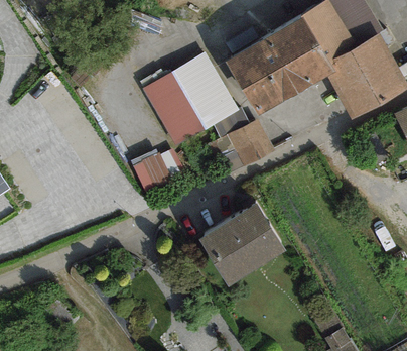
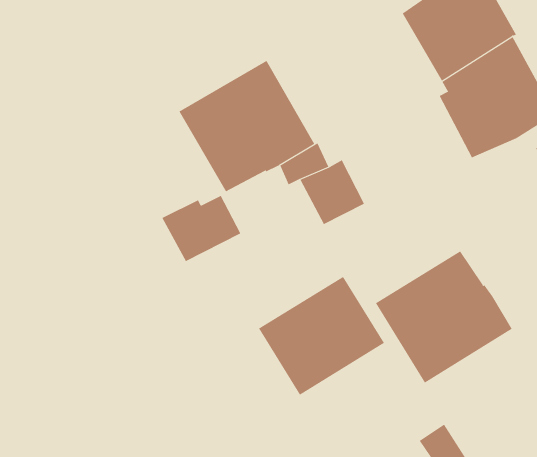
building: [222,16,331,117] -> none
building: none -> [375,251,512,383]

